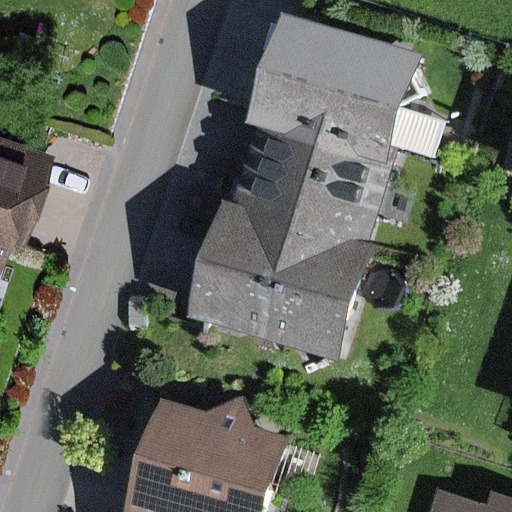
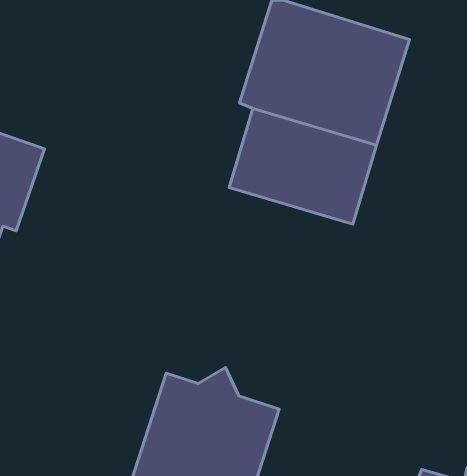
building: [202,202,383,360] -> none

